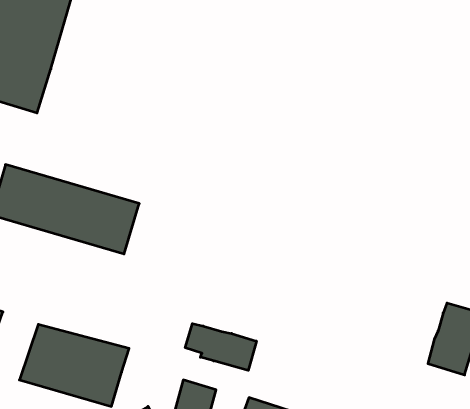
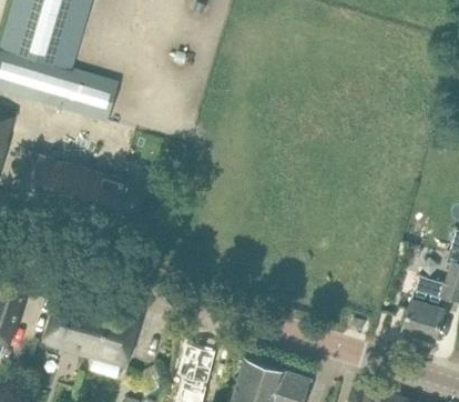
building: none -> [59,69,119,121]
building: [185,324,256,370] -> none

